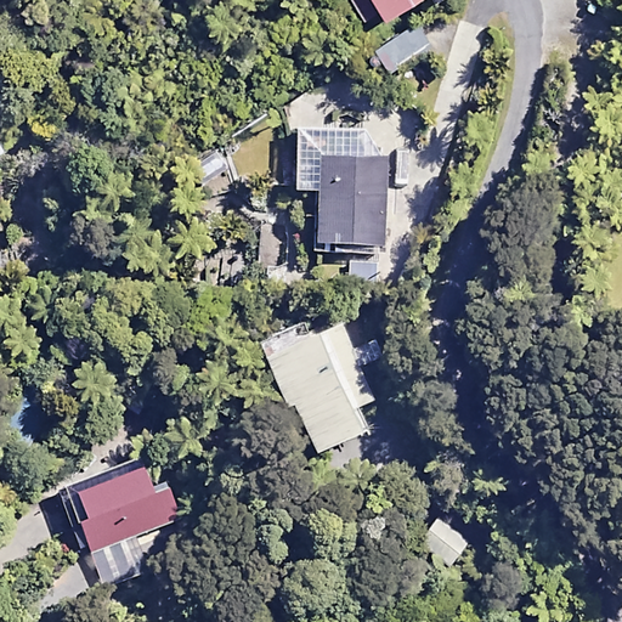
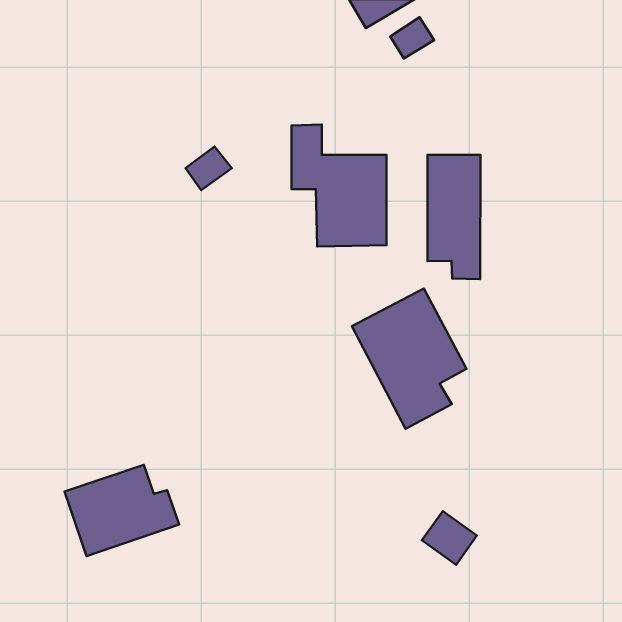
building: none -> [428,155,480,279]
building: [265,313,379,453] -> [352,288,466,429]

